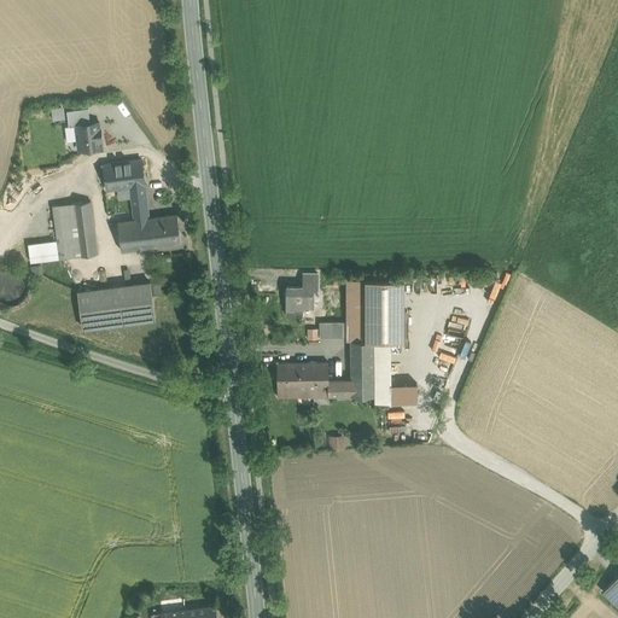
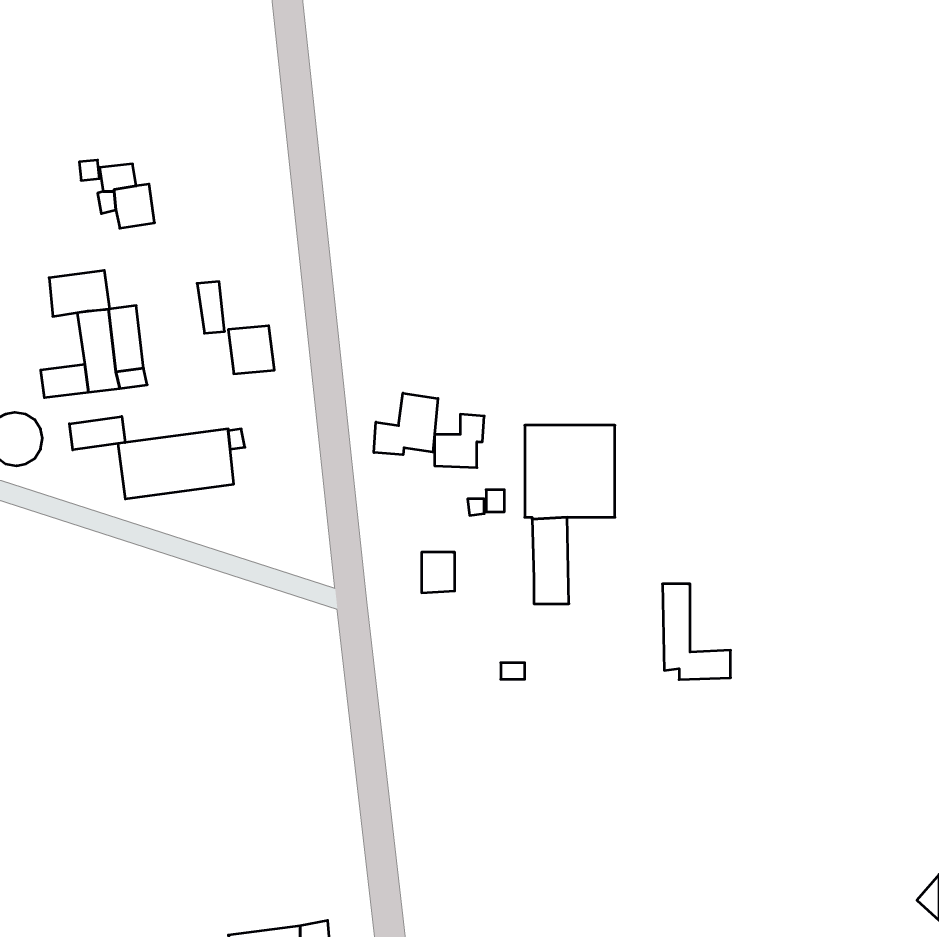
building: [104,162,144,192] -> [49,270,110,316]
building: [117,218,153,252] -> none
building: none -> [374,393,438,455]
building: none -> [69,416,125,450]
building: [372,342,416,404] -> [662,584,731,680]
building: [298,365,350,398] -> none

